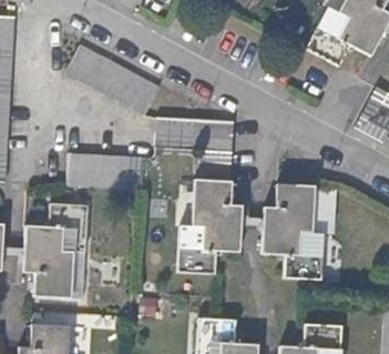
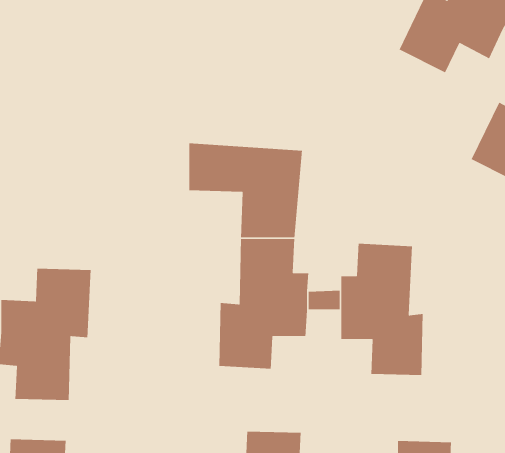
building: [66,44,161,115] -> none
building: [68,154,145,190] -> none

